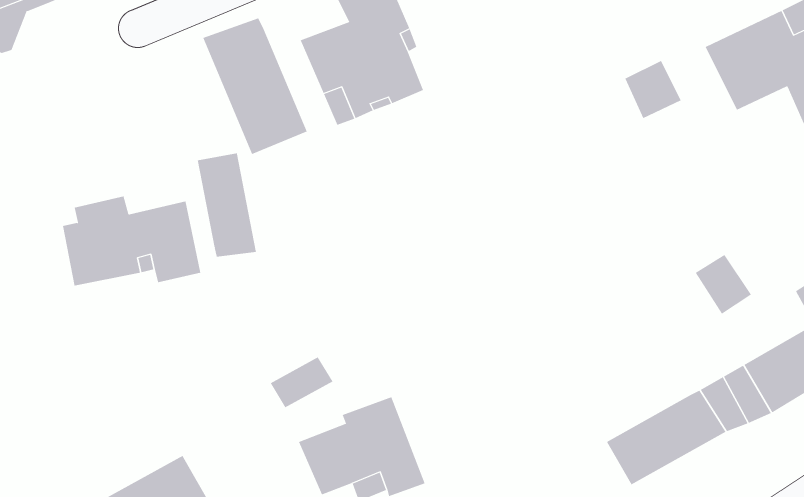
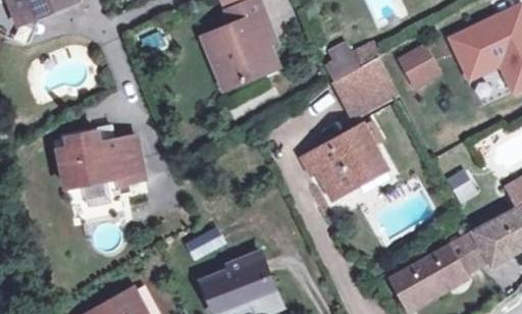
building: [202,17,308,155] -> none
building: none -> [324,31,408,110]
building: [197,153,257,258] -> none
building: none -> [303,121,383,198]

